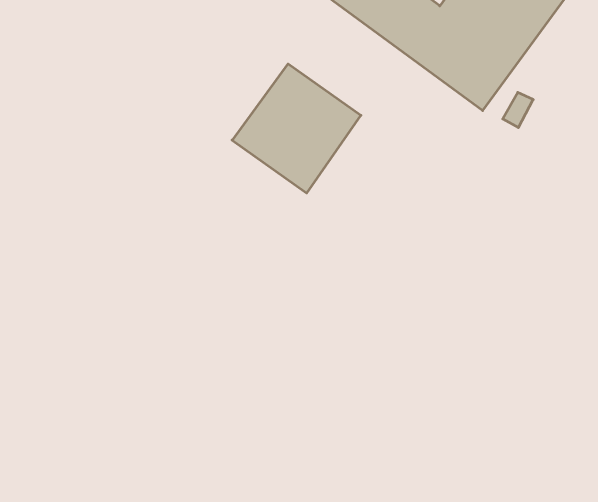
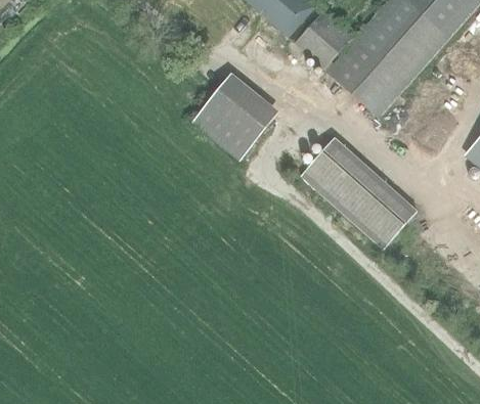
building: none -> [298,137,414,249]

